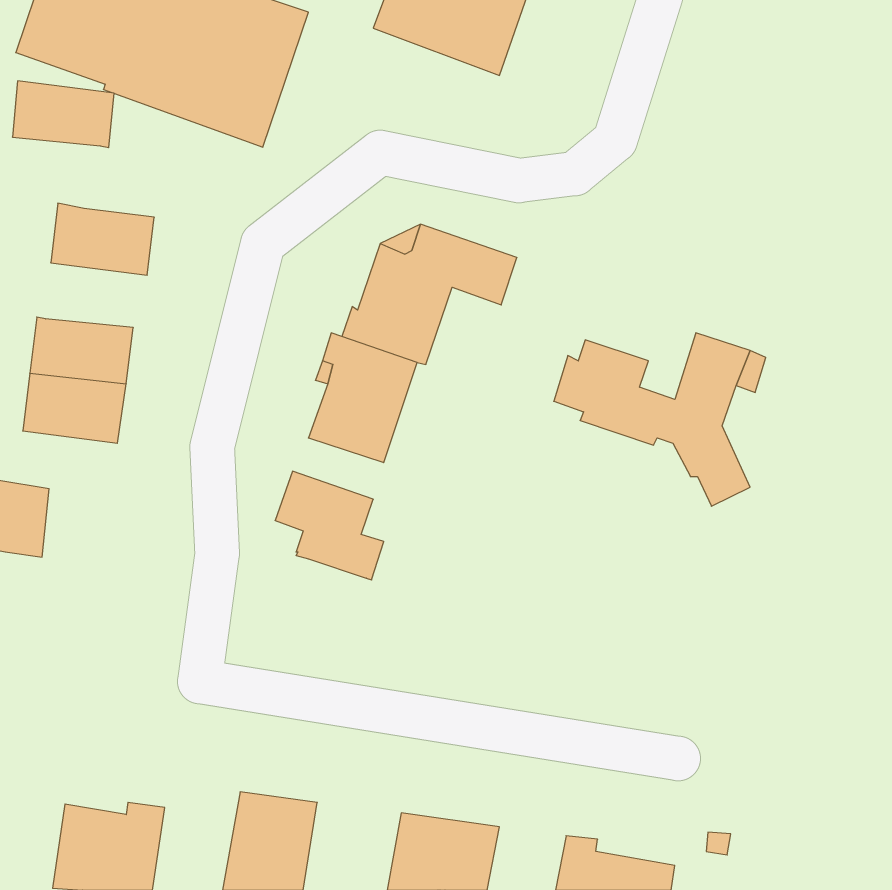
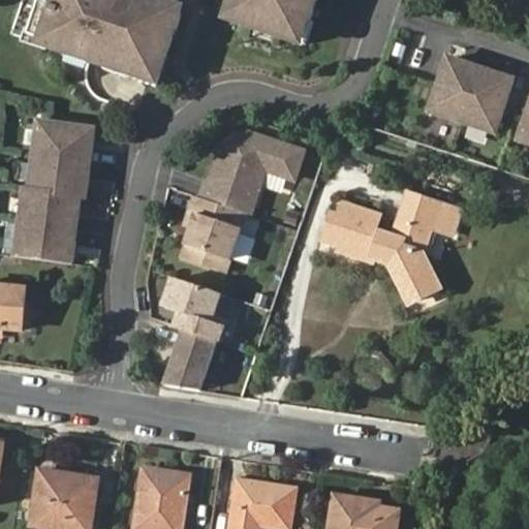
building: [12,81,114,148] -> [27,155,87,194]
building: none -> [429,53,512,129]
building: none -> [164,330,216,390]

